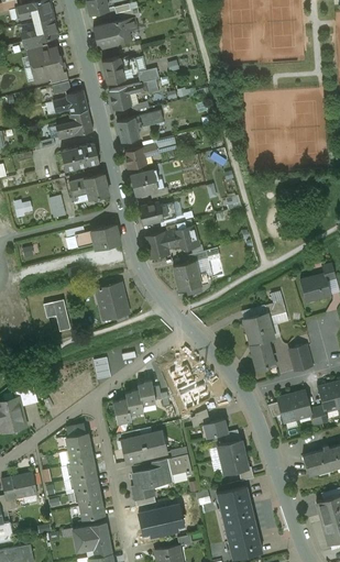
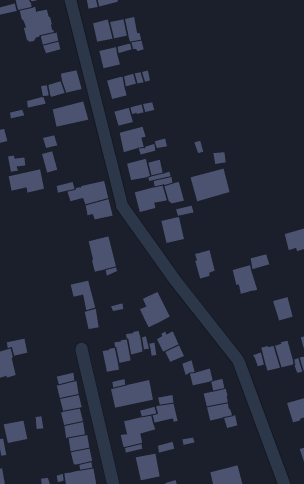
building: [53,90,87,114] -> none
building: [69,175,108,200] -> [8,169,45,193]
building: none -> [190,168,230,202]
building: [43,300,70,332] -> [70,280,96,311]
building: none -> [139,291,171,328]
building: [251,340,273,371] -> [194,250,215,279]
building: [216,487,253,527] -> none

